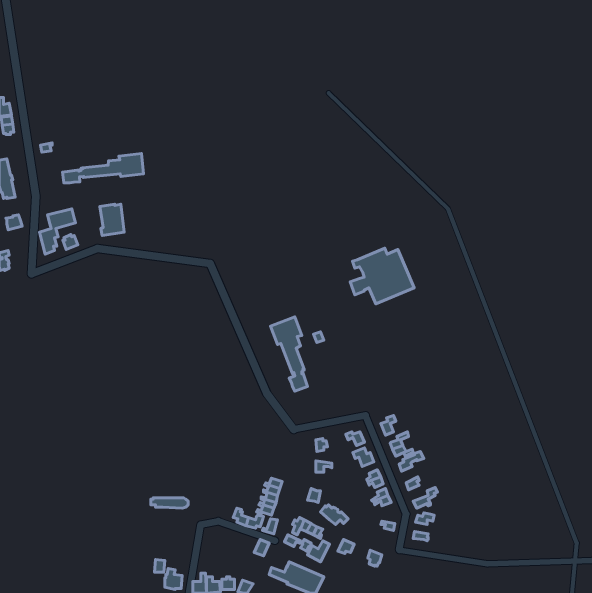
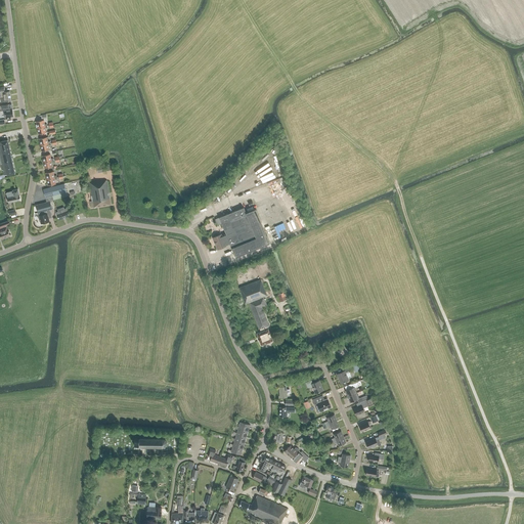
building: [63,153,143,183] -> none
building: [350,248,414,304] -> [212,208,268,257]

